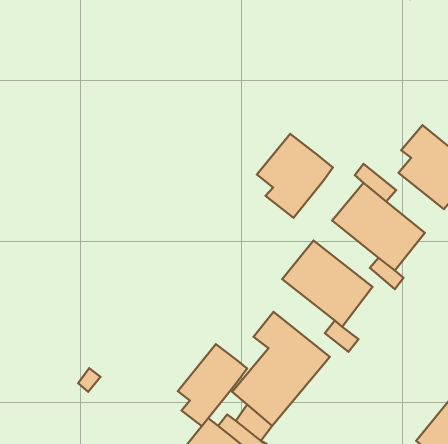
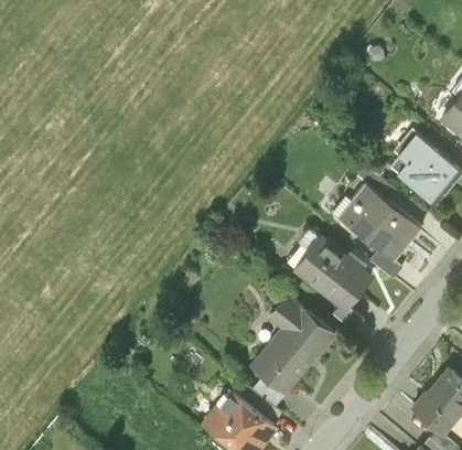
building: [257,134,333,218] -> none
building: [178,344,247,426] -> none

